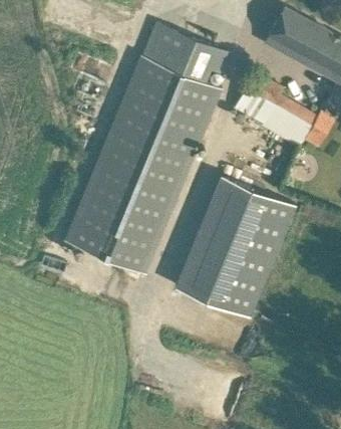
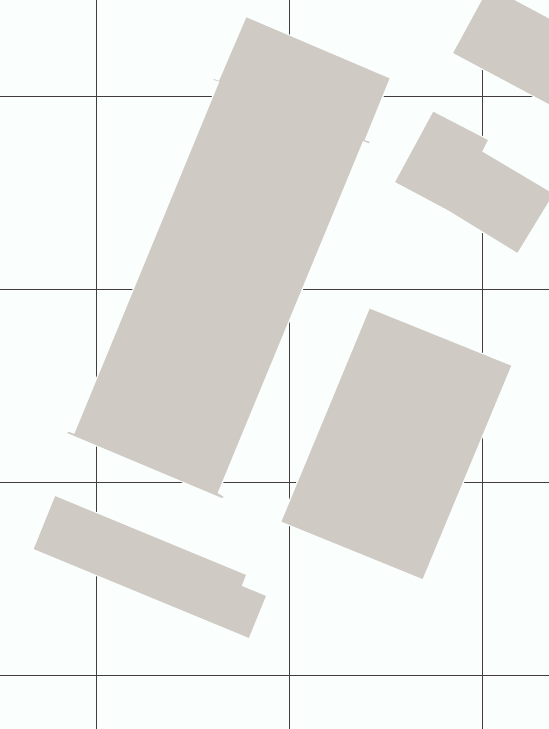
building: none -> [33,495,267,639]

